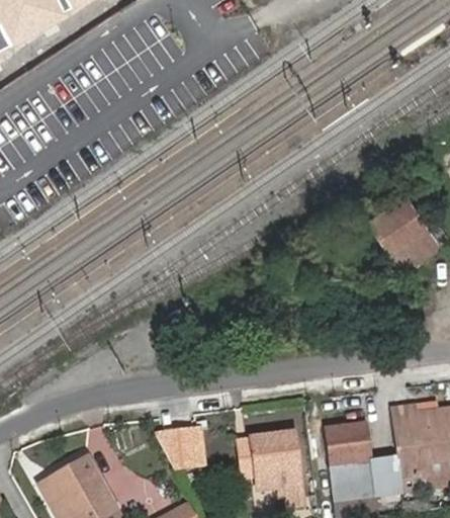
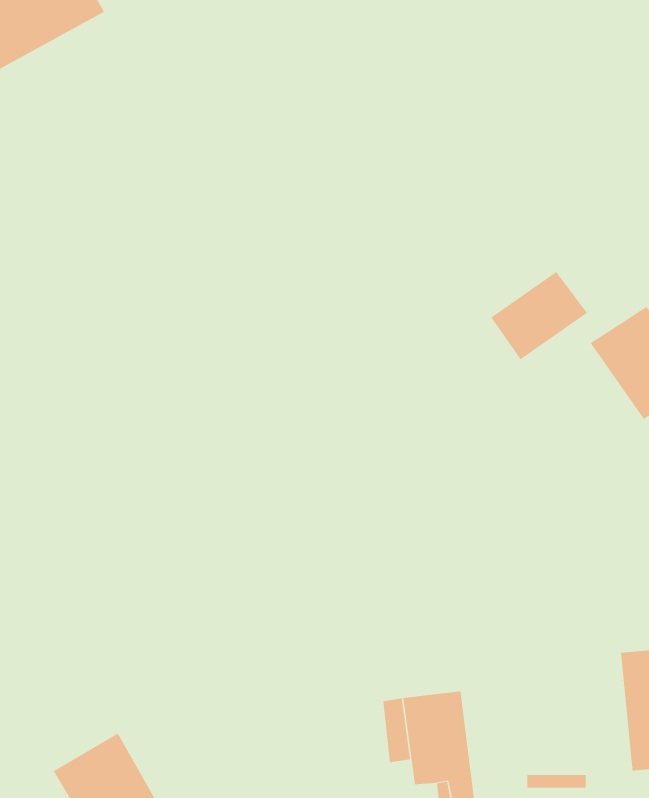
building: none -> [491,271,588,360]
building: [326,421,373,477] -> none
building: [163,426,204,463] -> none

